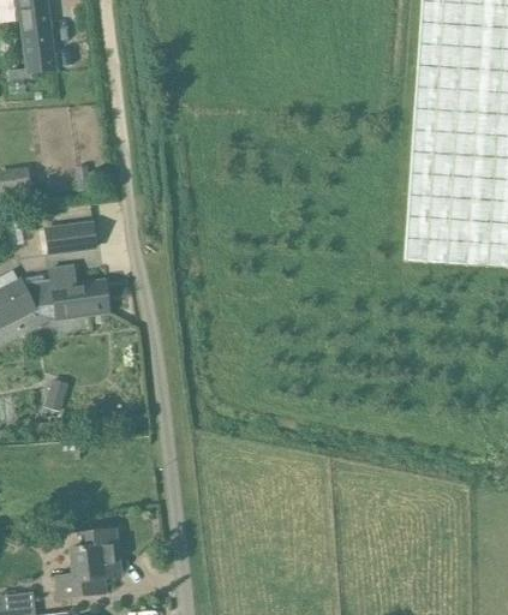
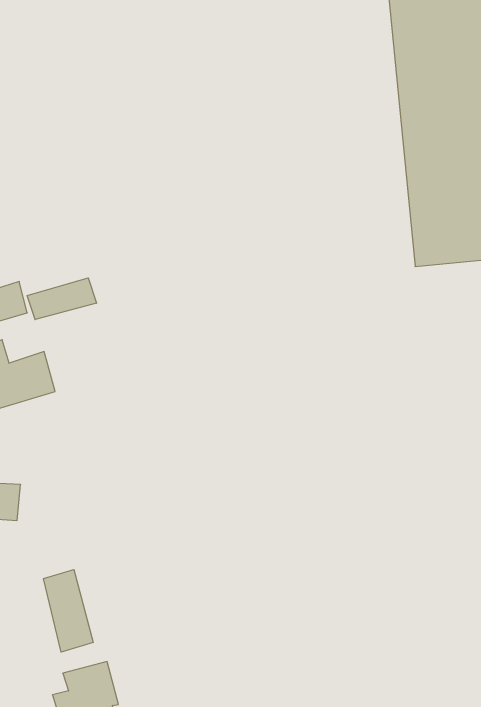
building: none -> [27,278,96,320]
building: none -> [43,570,93,652]

